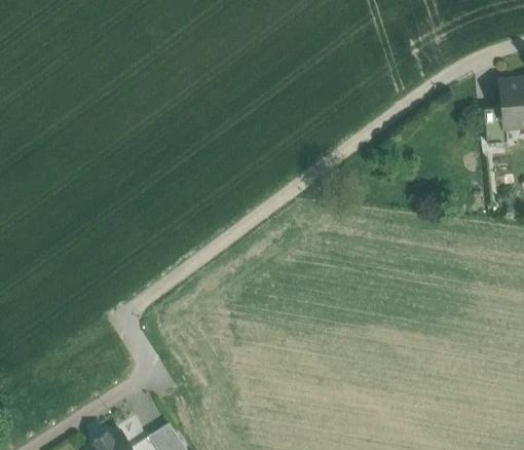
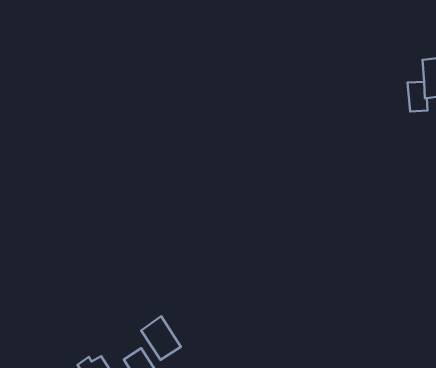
building: none -> [141,316,181,360]

